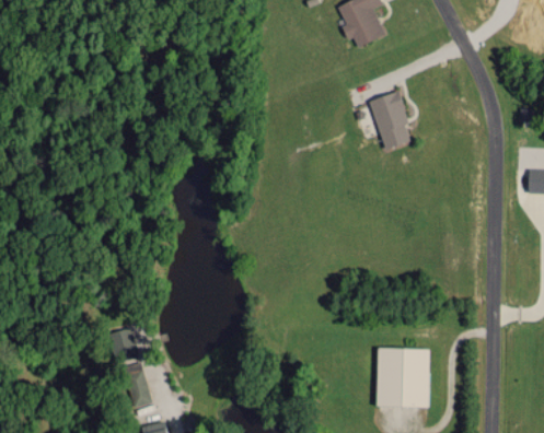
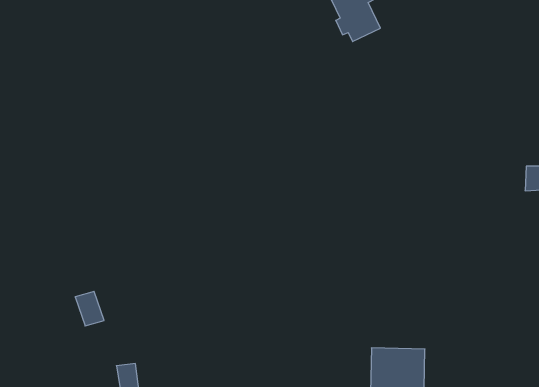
building: [368,92,409,150] -> none
building: [111,329,139,363] -> [75,291,104,326]

